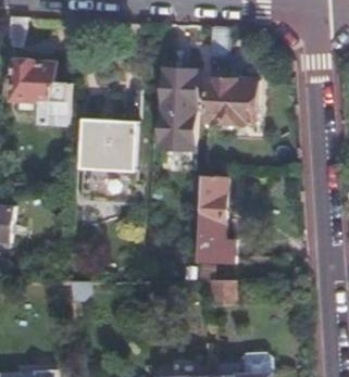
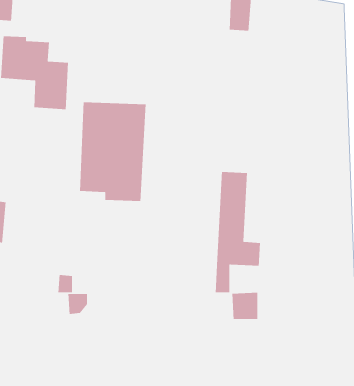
building: [162,67,199,150] -> none
building: [204,79,254,133] -> none

